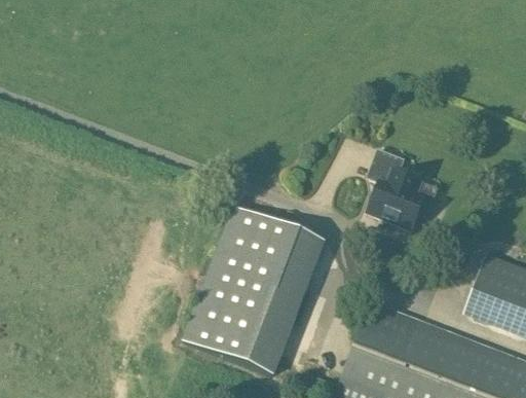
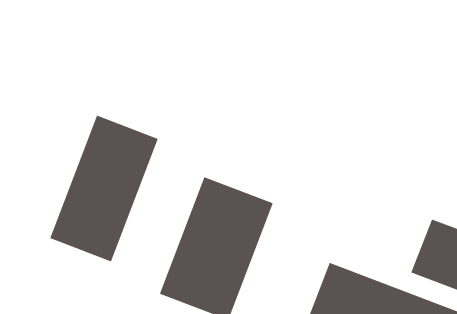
building: none -> [49,115,159,262]
building: [367,149,439,229] -> none

